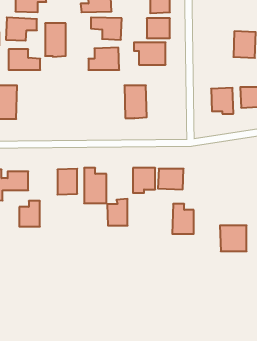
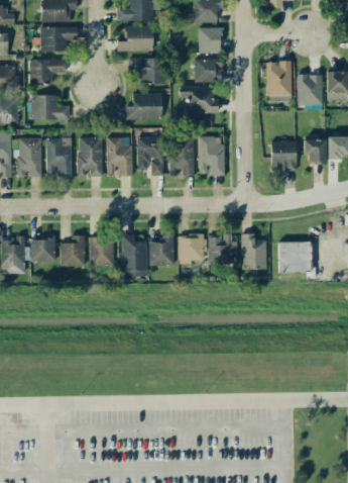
building: none -> [266,61,293,101]
building: [45,23,66,57] -> [79,137,103,177]
building: none -> [137,136,163,176]
building: none -> [199,136,224,175]
building: none -> [46,137,73,176]
building: none -> [107,137,133,176]
building: [107,199,128,226] -> [149,233,173,265]
building: [19,201,40,227] -> [61,235,85,266]
building: [172,204,194,234] -> [241,233,266,269]
building: [220,225,247,251] -> [278,242,310,272]

